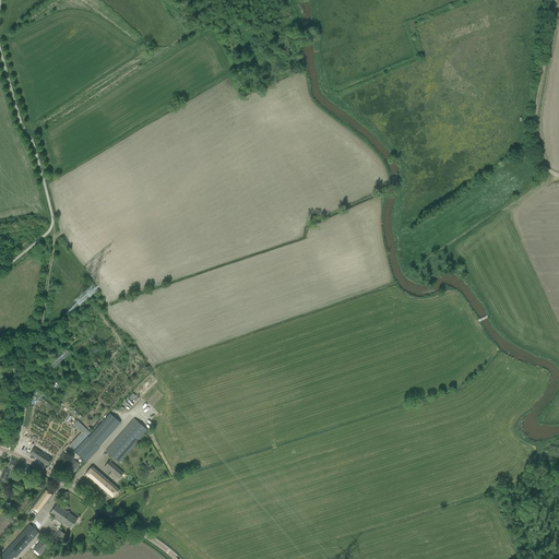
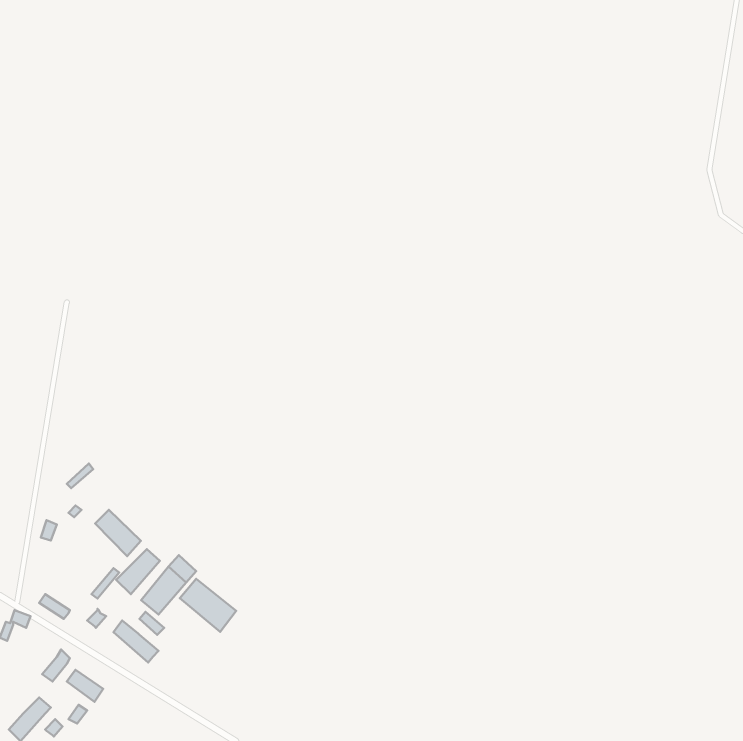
building: none -> [95,510,141,556]
building: none -> [180,579,236,632]

